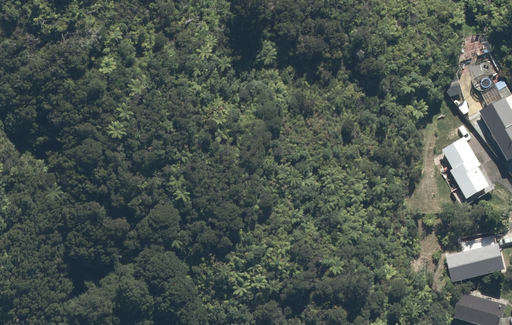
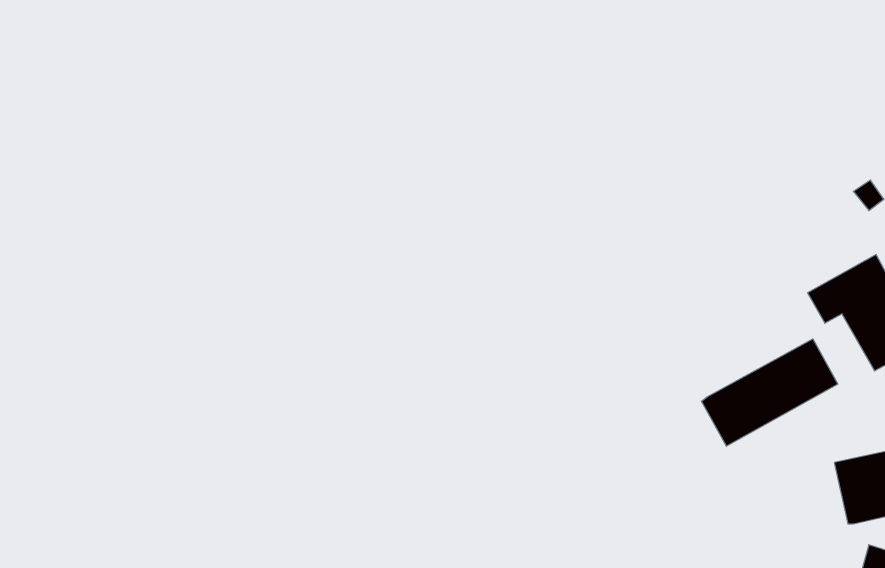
building: none -> [701,339,838,446]

